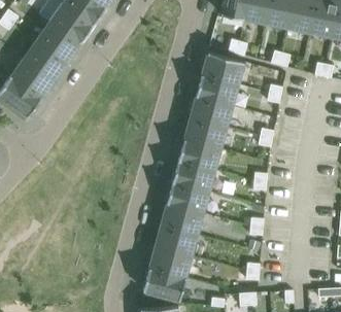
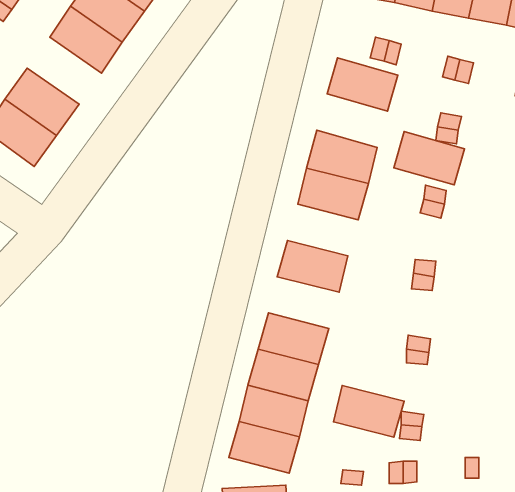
building: [23,39,67,79] -> none
building: [196,73,238,105] -> [394,131,464,185]
building: [178,139,220,170] -> none
building: [167,182,209,213] -> [333,386,404,437]

